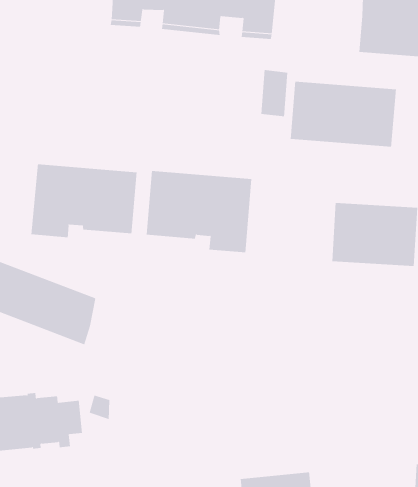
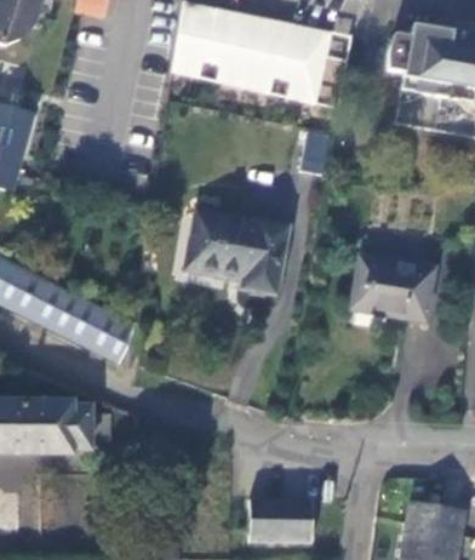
building: [290,81,396,147] -> none
building: [31,163,137,238] -> none

